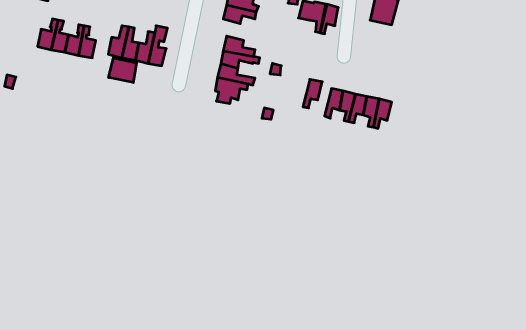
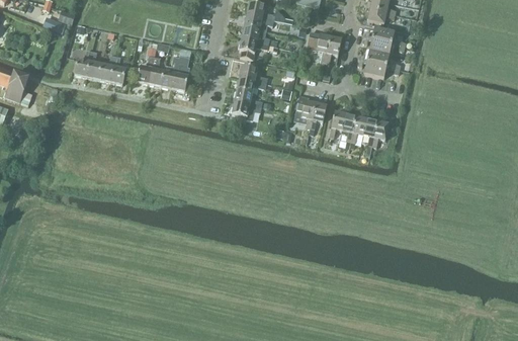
building: none -> [363,50,388,77]
building: [109,58,137,83] -> none
building: none -> [293,95,316,126]

